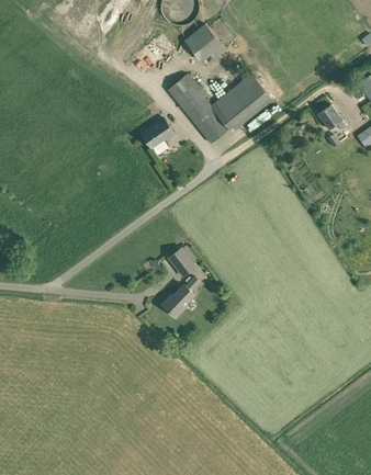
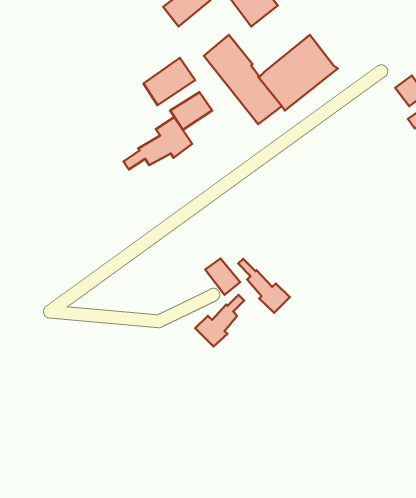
building: none -> [144,58,195,105]
building: none -> [123,117,192,170]
building: none -> [238,259,290,313]

